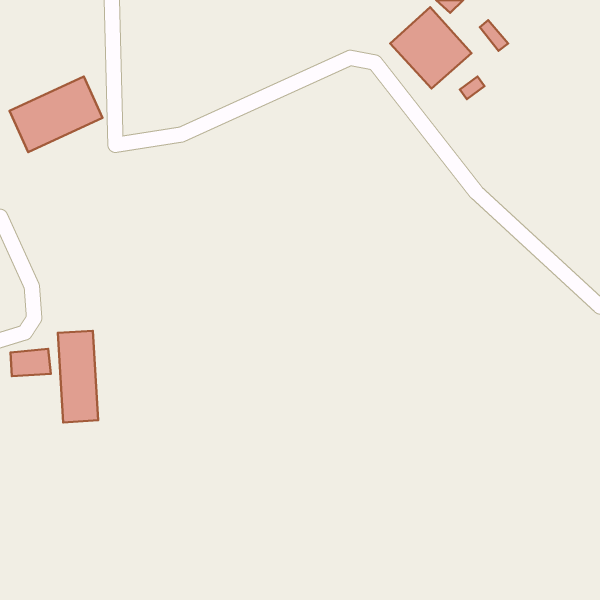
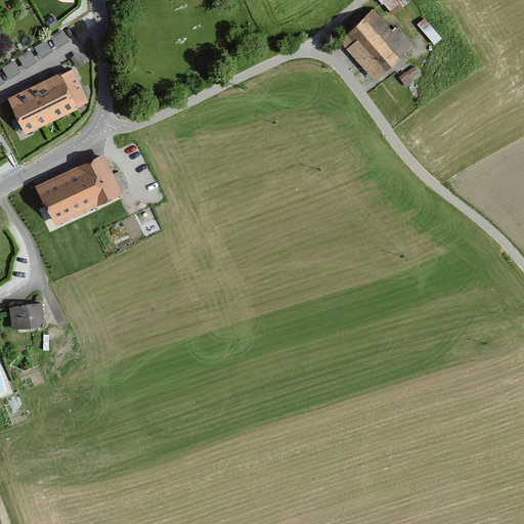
building: none -> [34,151,122,225]
building: [58,331,98,422] -> none

